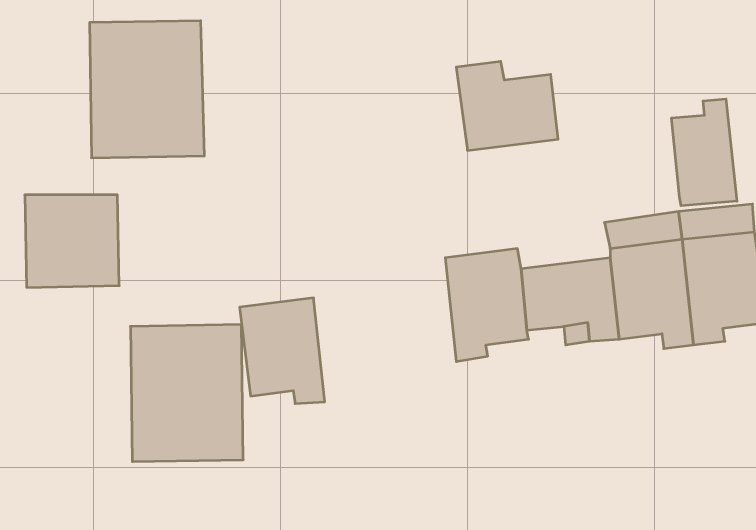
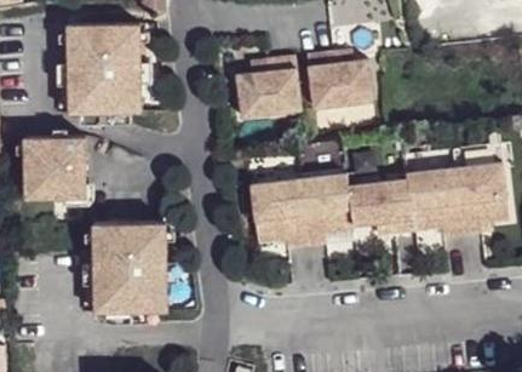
building: none -> [235,55,300,118]
building: [672,99,737,206] -> none
building: [240,298,325,404] -> [249,178,305,247]

